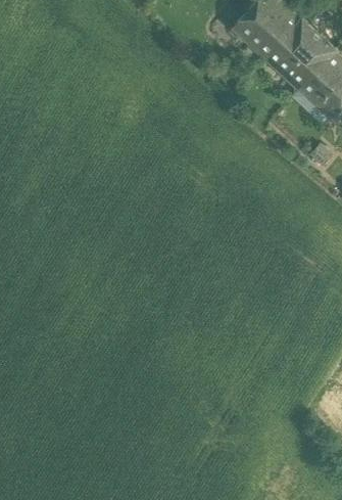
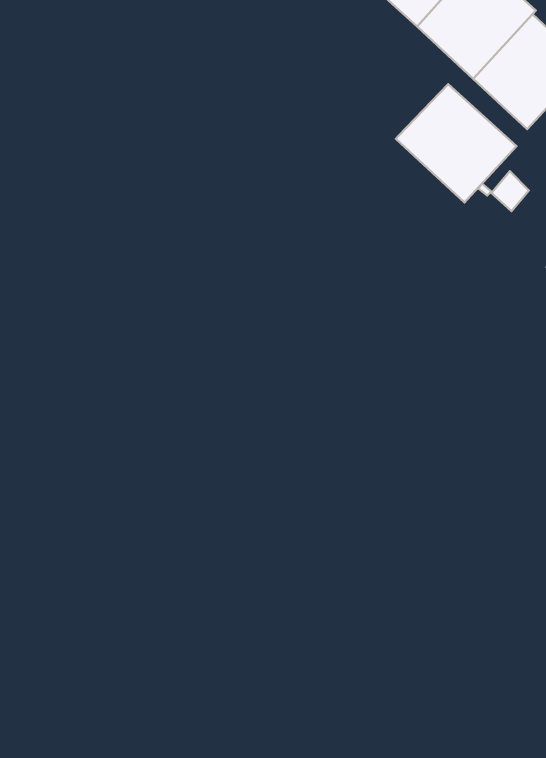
building: none -> [396,84,516,203]

